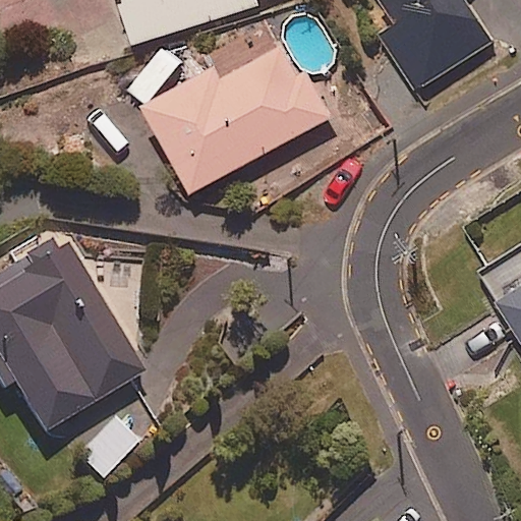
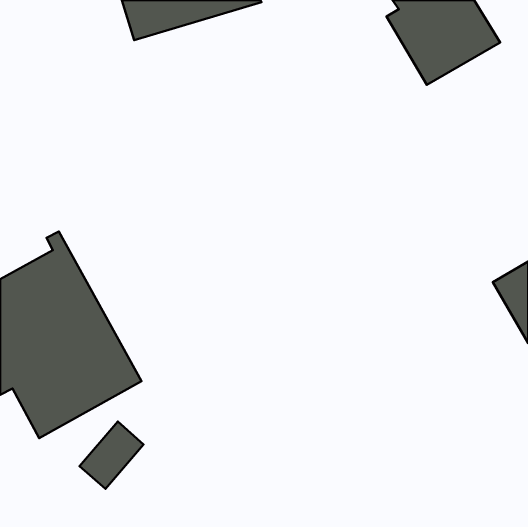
building: [143,38,331,190] -> none

